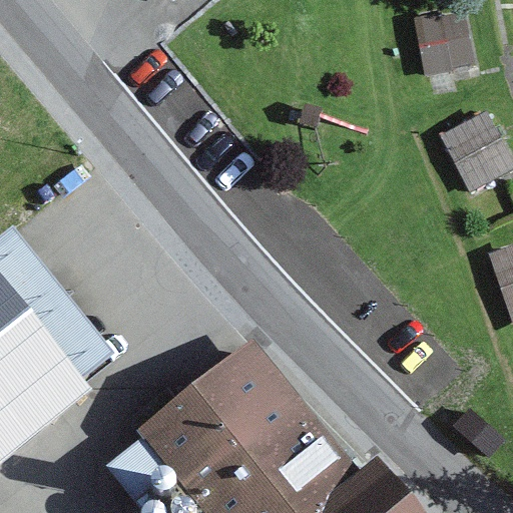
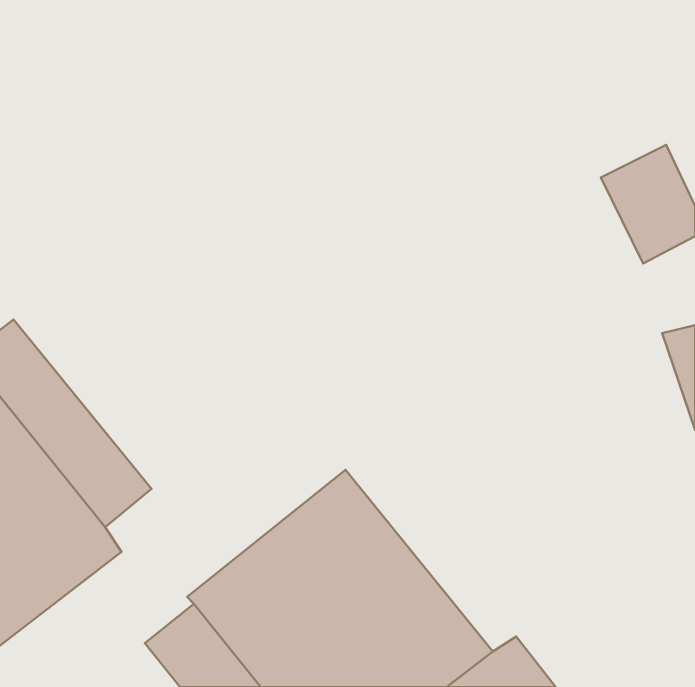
building: [415,8,477,72] -> none

